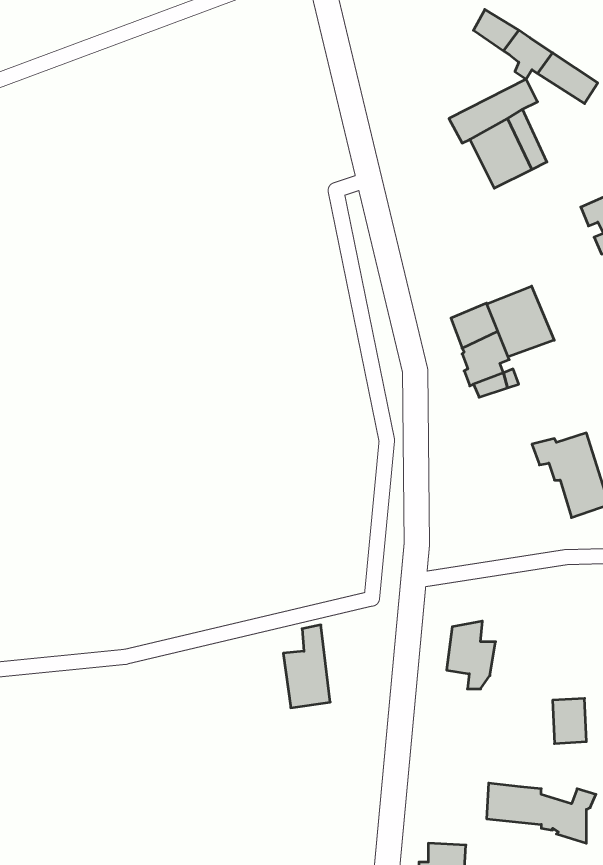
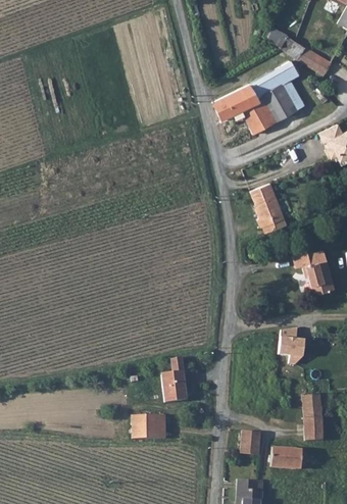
building: none -> [212,84,275,133]
building: [487,286,554,357] -> none
building: [447,621,496,689] -> [281,332,307,368]
building: none -> [132,417,166,442]
building: none -> [307,421,327,444]
building: none -> [238,427,259,451]

